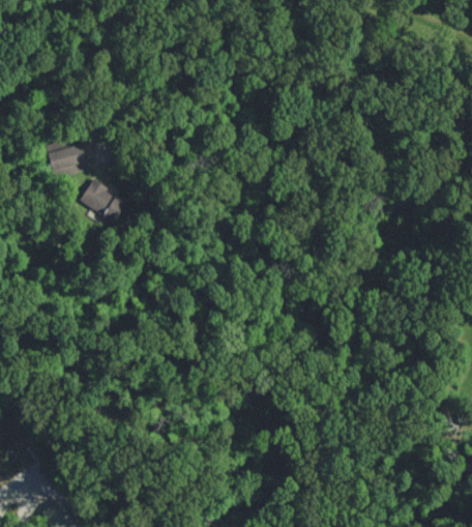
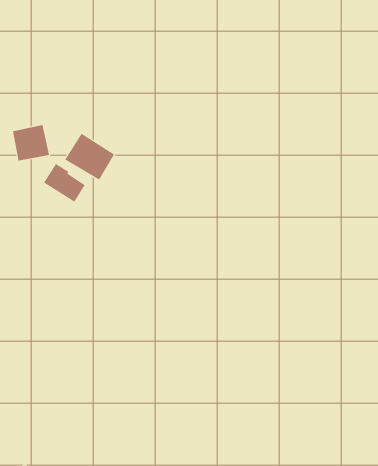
building: none -> [65,133,115,181]

